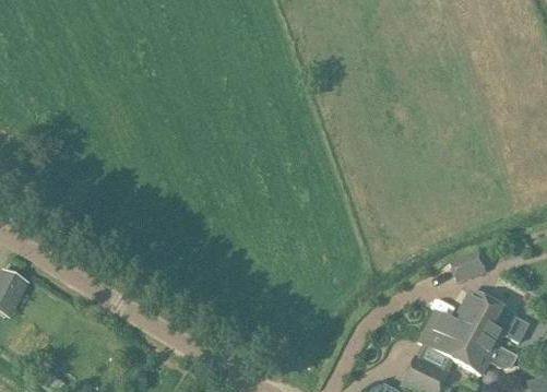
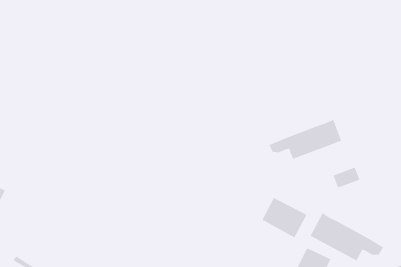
building: none -> [269,119,342,160]
building: [449,293,515,346] -> [256,197,307,238]

